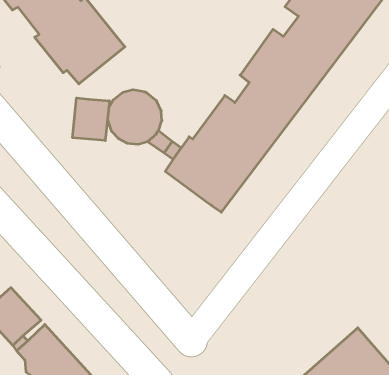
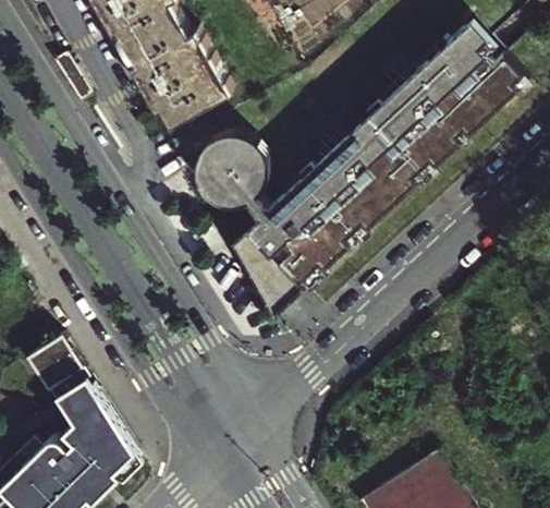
building: [73,98,109,141] -> none
building: none -> [232,233,302,318]

